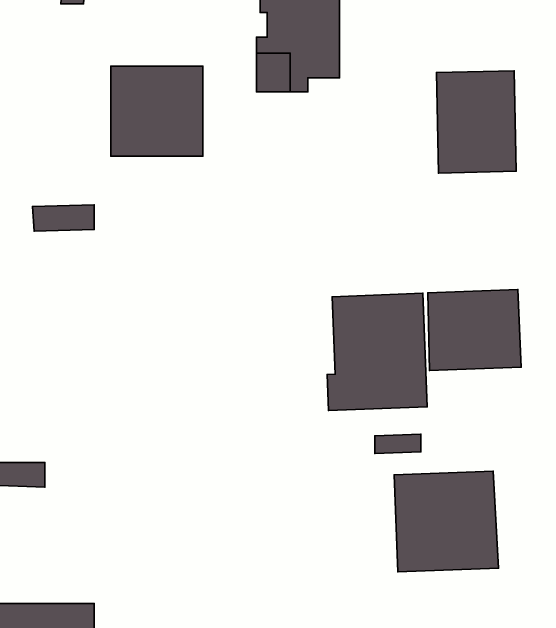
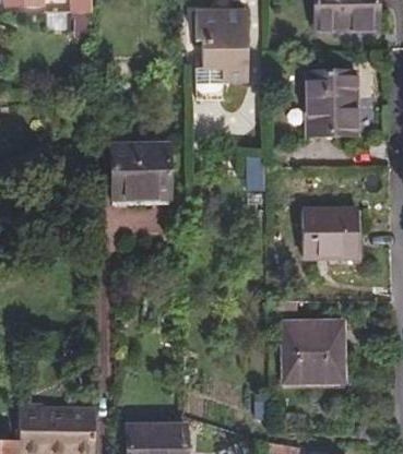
building: [111,66,203,156] -> [114,144,170,200]
building: [327,293,427,411] -> none

